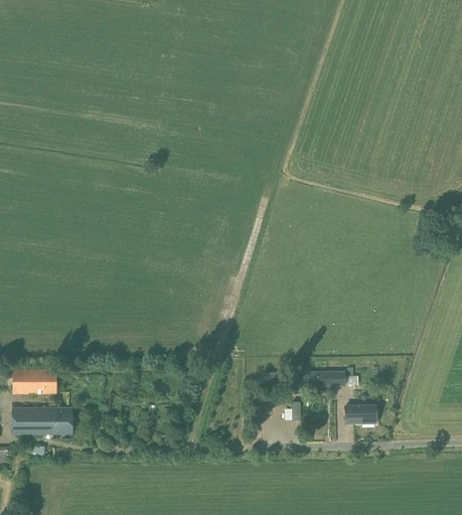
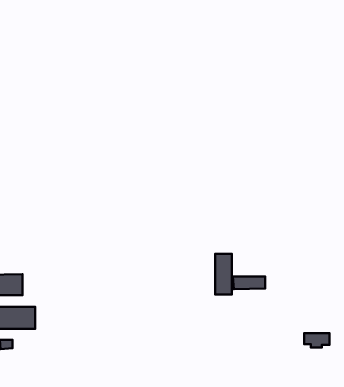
building: none -> [215,254,232,294]
building: [345,405,375,422] -> [304,333,329,348]

